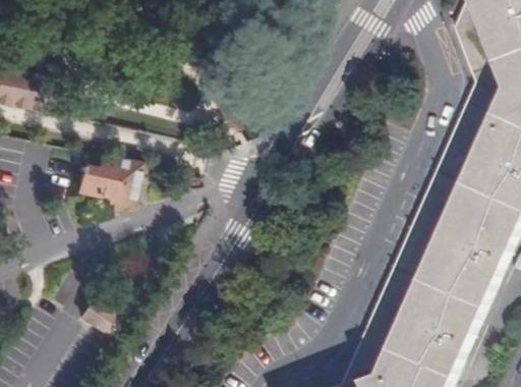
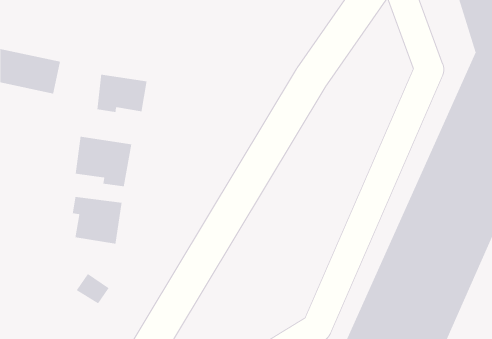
building: none -> [97,74,147,113]
building: none -> [72,196,122,245]

